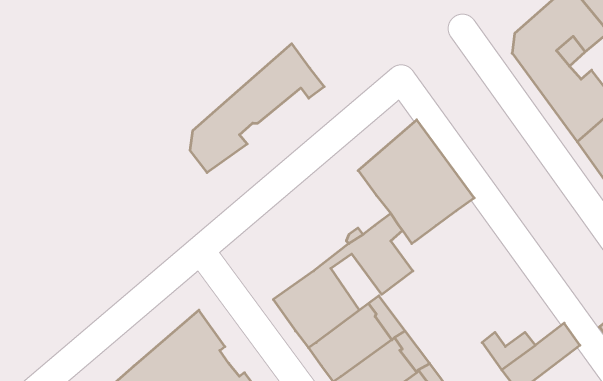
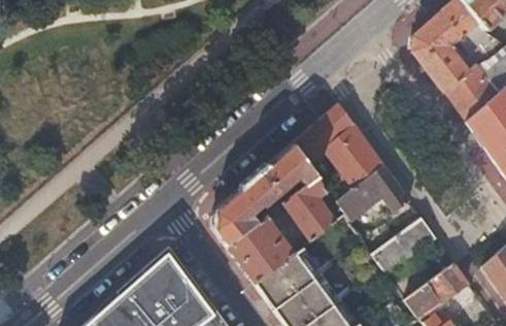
building: [190,44,324,173] -> [212,143,318,246]
building: none -> [338,165,410,219]
building: none -> [373,219,437,275]

